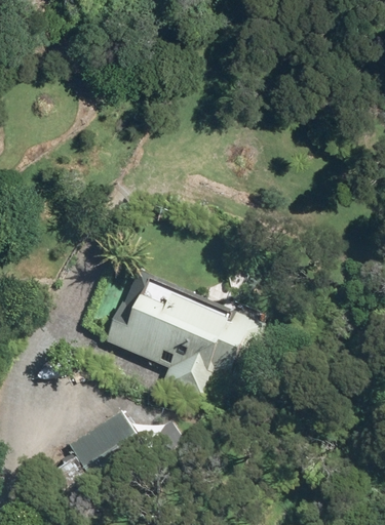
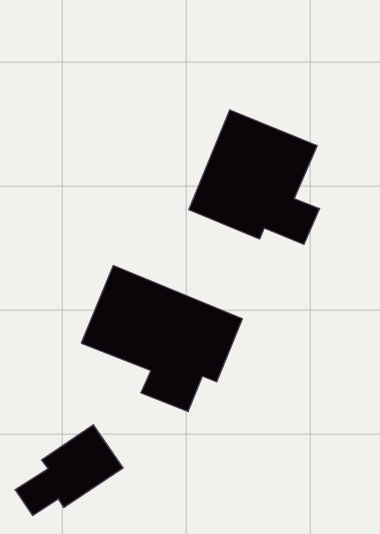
building: none -> [189,110,320,245]

